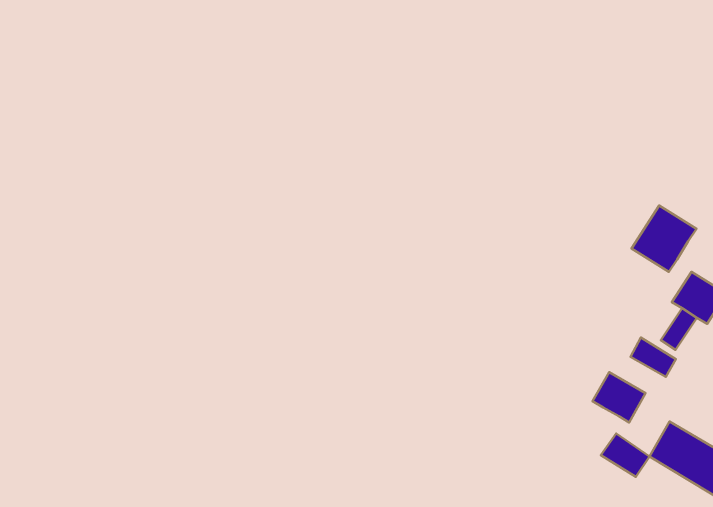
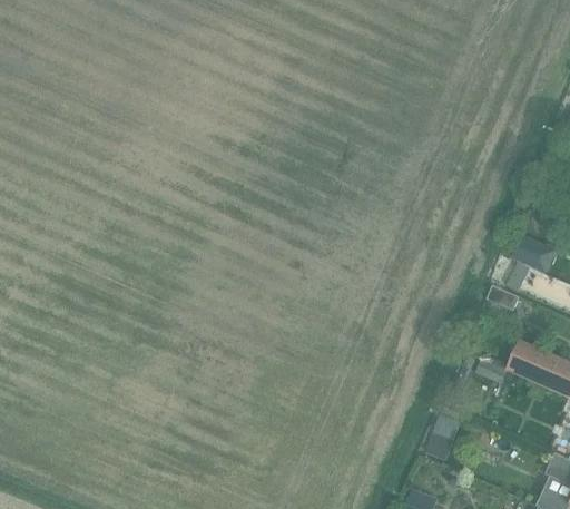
building: [631,205,696,272] -> none
building: [593,372,646,422] -> none

